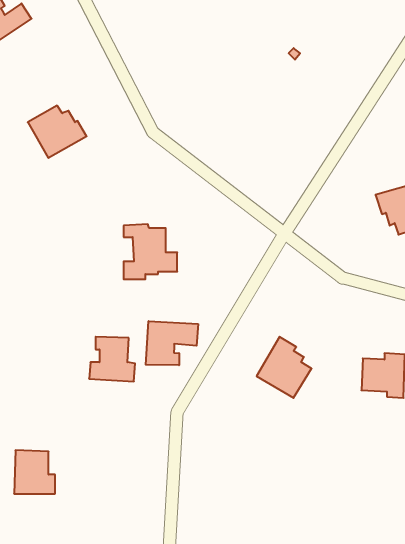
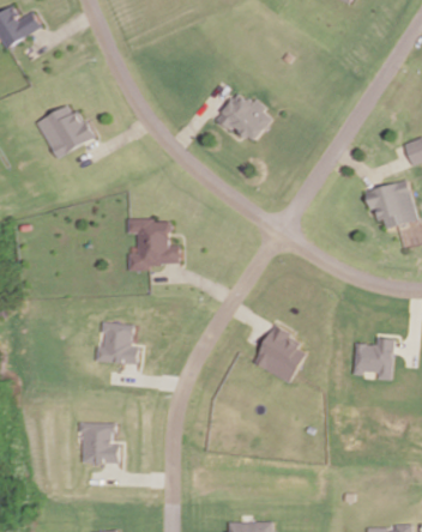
building: none -> [216,93,271,140]
building: [146,321,198,365] -> none
building: [14,450,55,494] -> [80,423,119,464]

